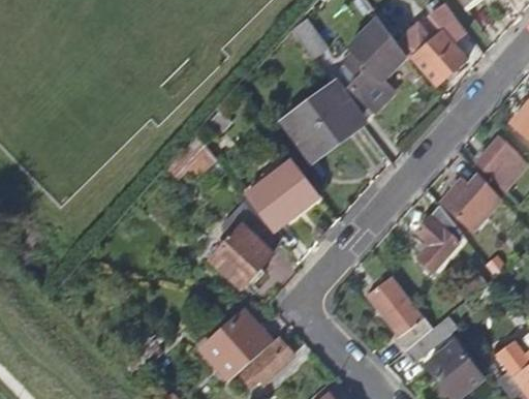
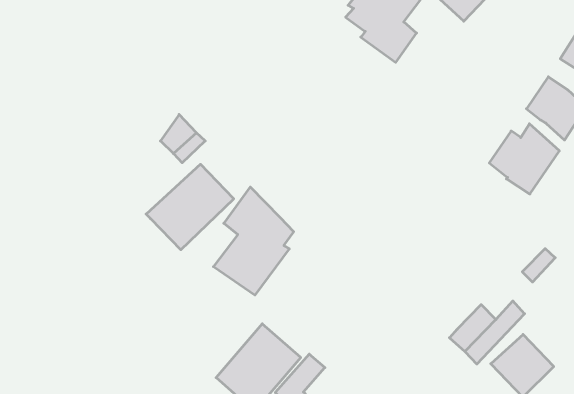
building: [289,89,359,155] -> none
building: [244,160,316,227] -> [146,164,234,250]
building: [415,206,463,272] -> none
building: [368,277,423,334] -> none

